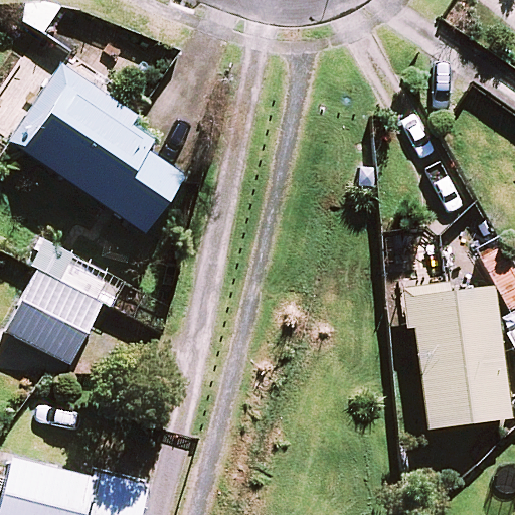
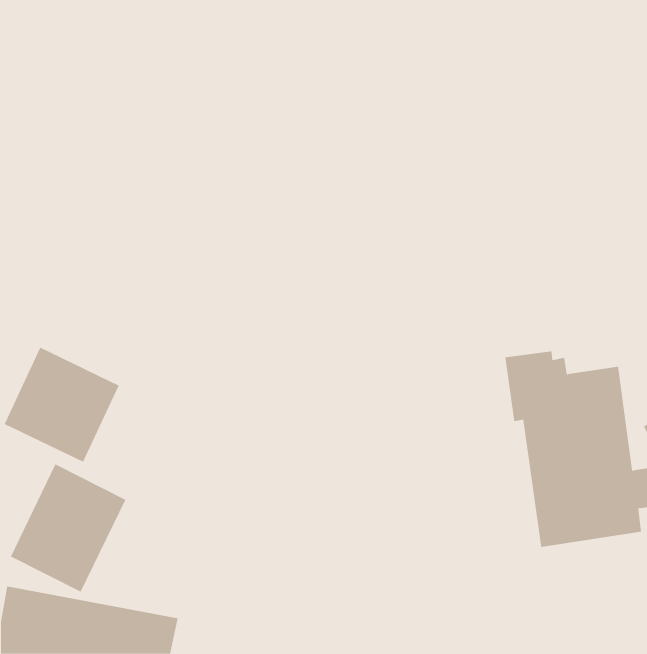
building: [13,66,184,232] -> none
building: none -> [10,463,126,593]

